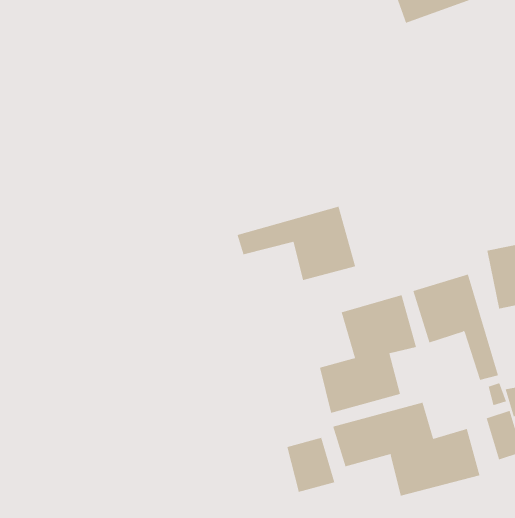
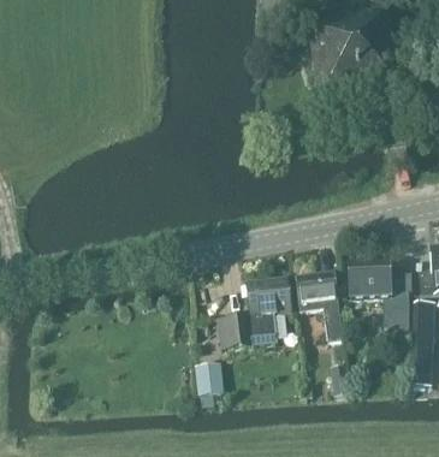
building: [237,206,356,281] -> none
building: [333,402,480,497] -> none

